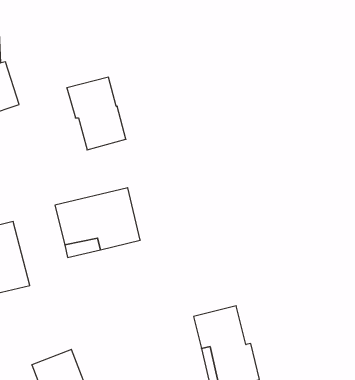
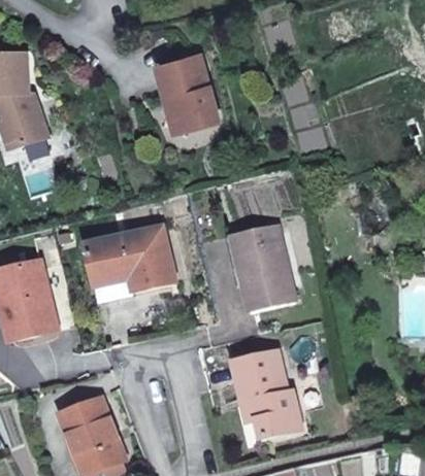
building: [67,77,126,150] -> [155,53,218,130]
building: none -> [231,223,295,311]

